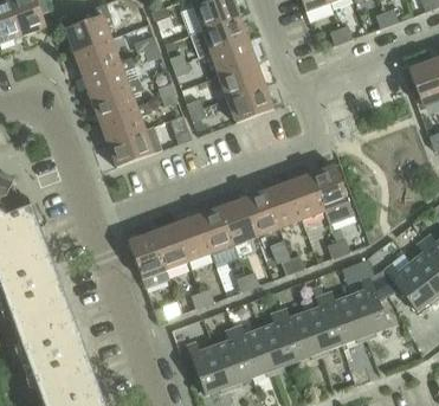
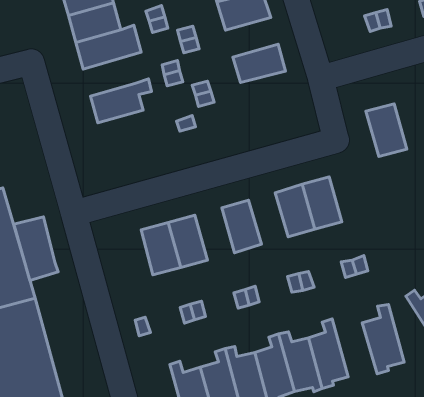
building: [211,39,257,76] -> none
building: [91,78,143,120] -> none
building: [227,84,275,122] -> none
building: [108,124,163,166] -> none
building: [310,163,348,210] -> [366,104,407,156]
building: [243,189,279,234] -> none
building: [198,206,234,252] -> none
building: [128,231,169,286] -> [14,217,58,281]
building: [323,290,366,342] -> none

